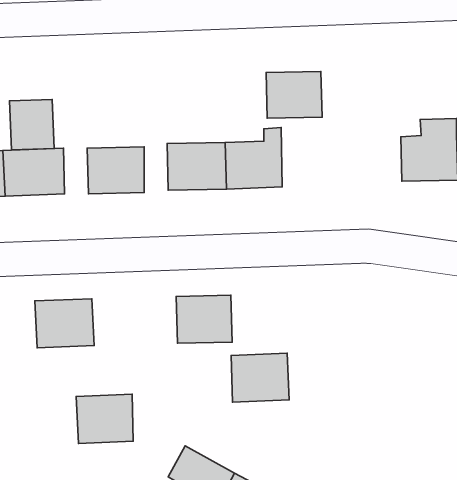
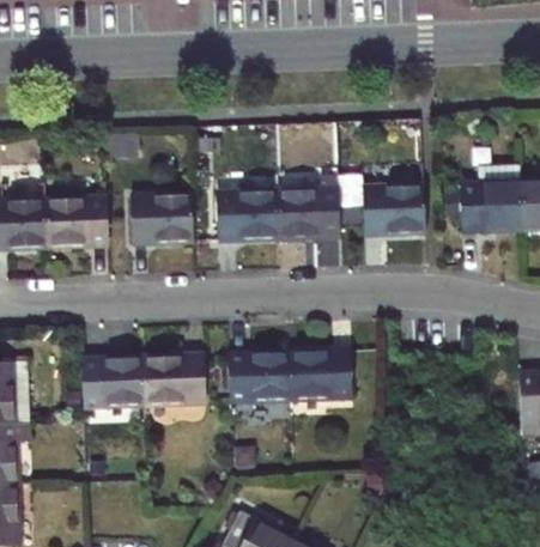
building: [266,71,322,118] -> [366,187,425,236]
building: [10,99,54,150] -> none
building: [231,353,289,402] -> [286,348,347,400]
building: [76,394,133,443] -> [140,352,200,403]

